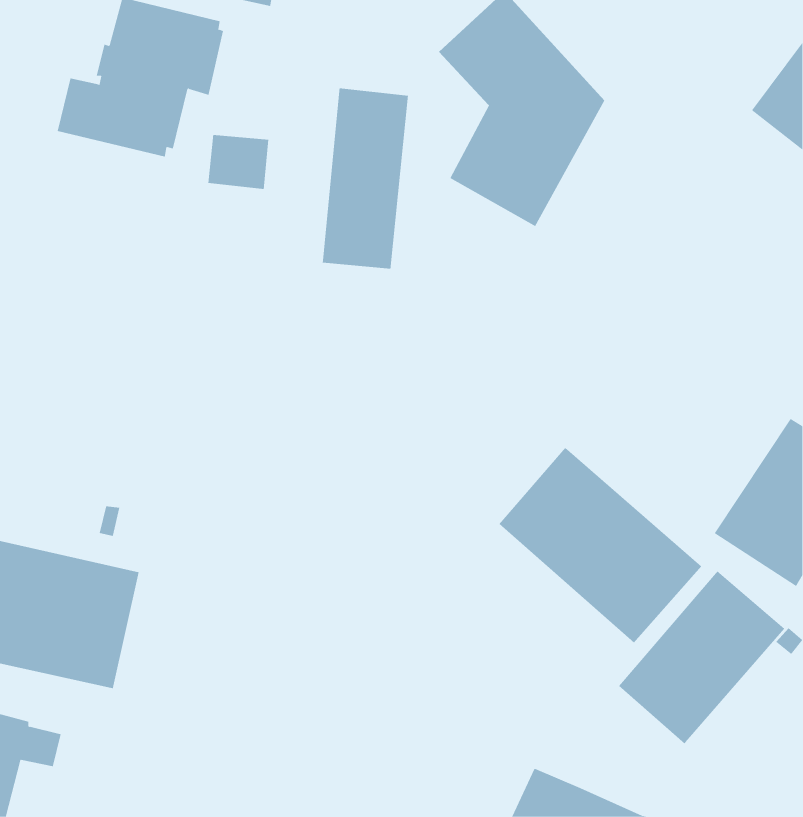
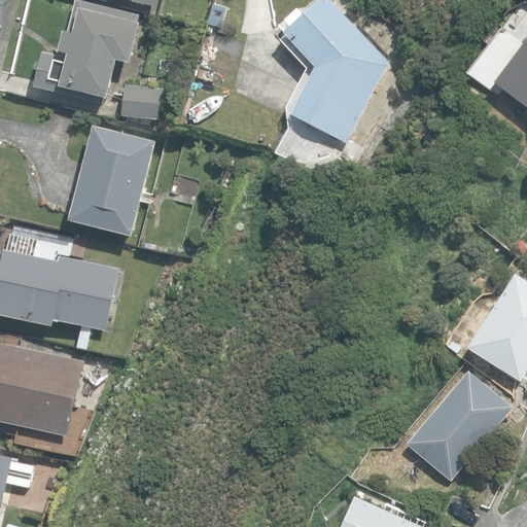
building: [322,88,408,270] -> none
building: none -> [76,133,164,243]
building: none -> [7,234,135,329]
building: [499,447,702,643] -> none

